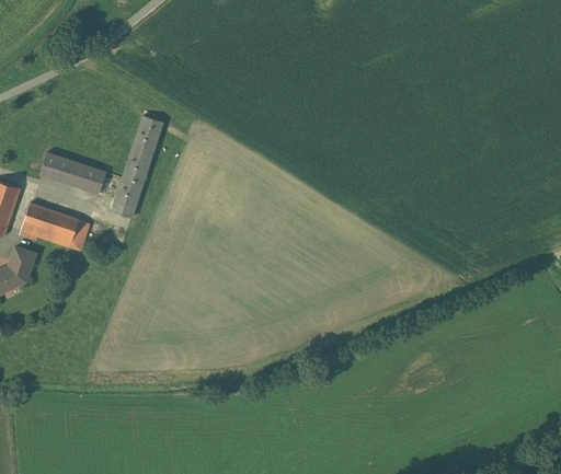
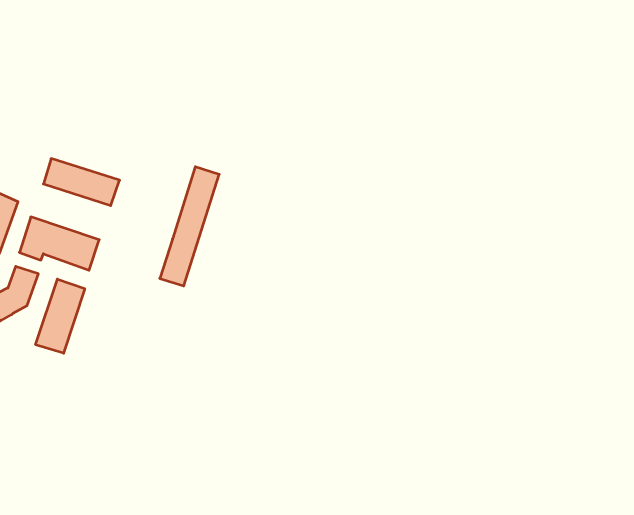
building: [111,116,162,219] -> [160,167,219,286]
building: none -> [36,279,85,353]

